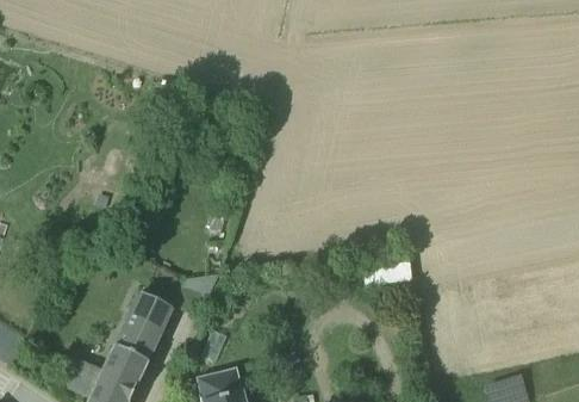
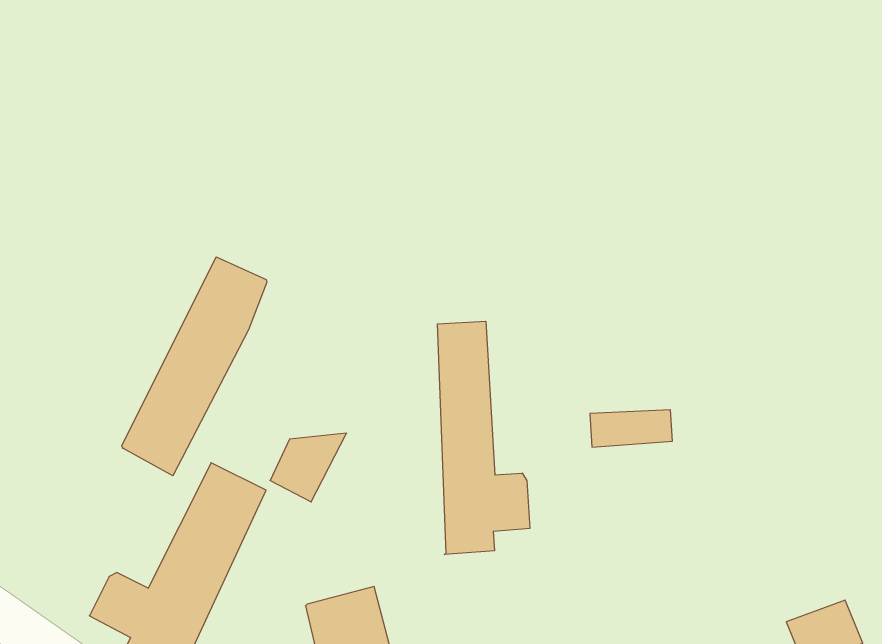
building: none -> [122,257,267,476]
building: none -> [438,321,530,555]

